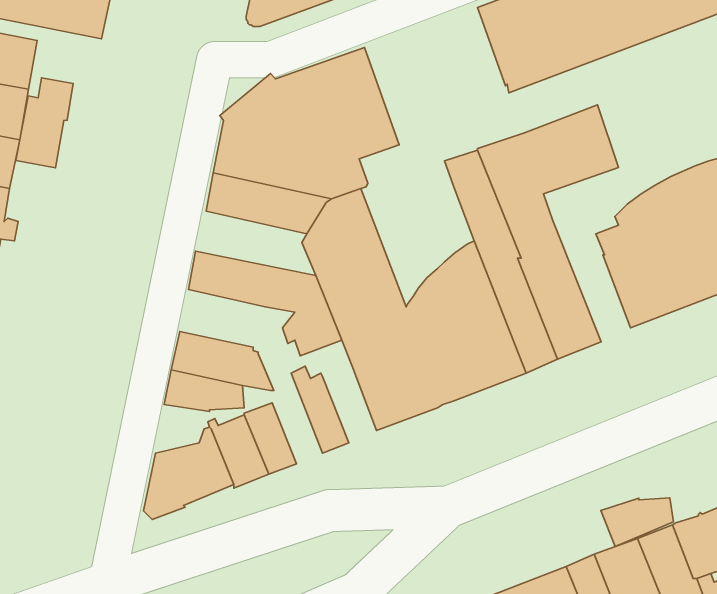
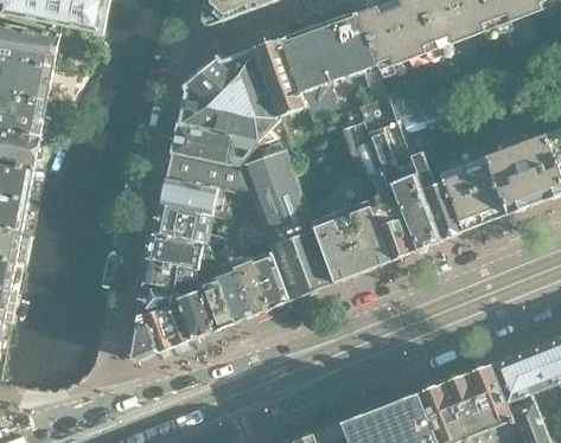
building: none -> [281,12,377,123]
building: [16,78,73,168] -> none
building: none -> [166,150,248,194]
building: none -> [409,152,463,239]
building: none -> [155,204,221,248]
building: none -> [253,256,289,308]
building: none -> [218,261,253,322]
building: none -> [139,282,176,315]
building: [601,498,674,547] -> none

